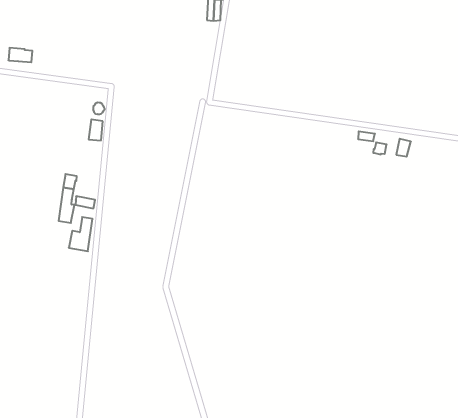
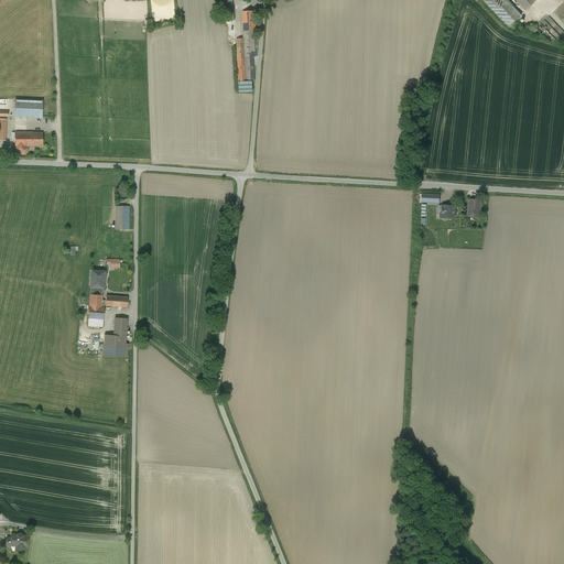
building: none -> [14,98,43,117]

